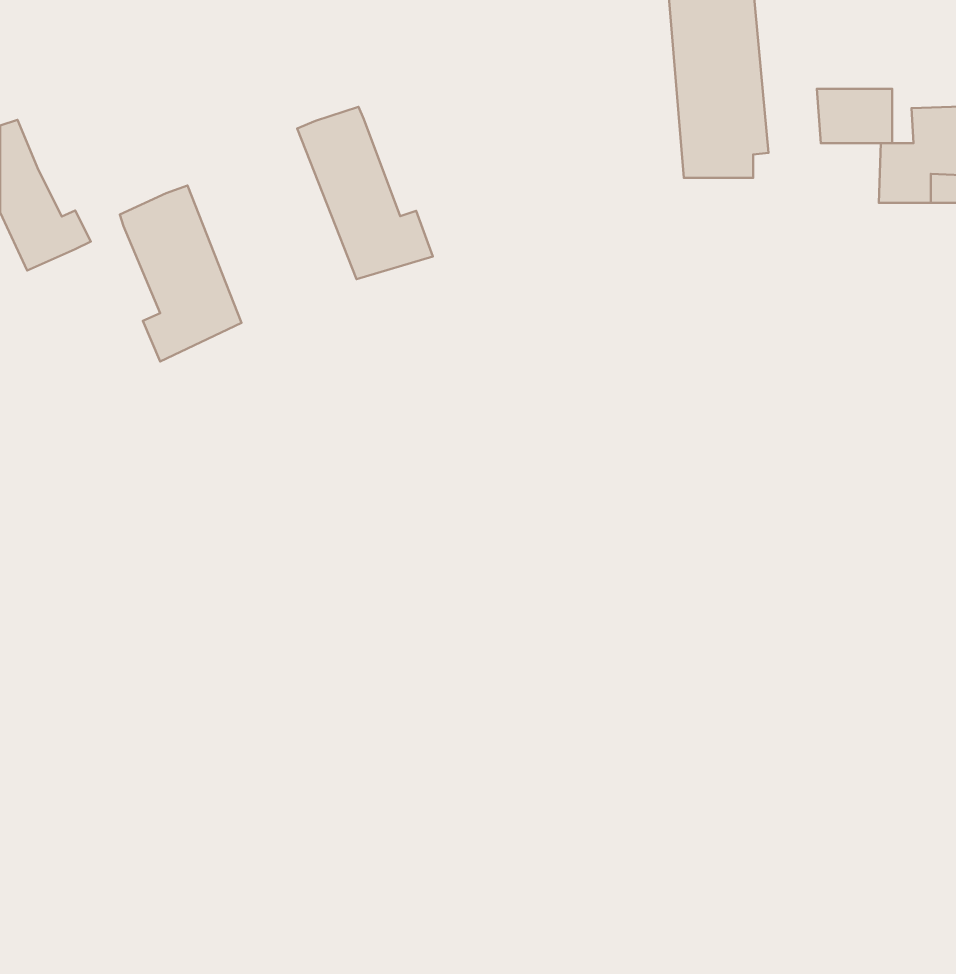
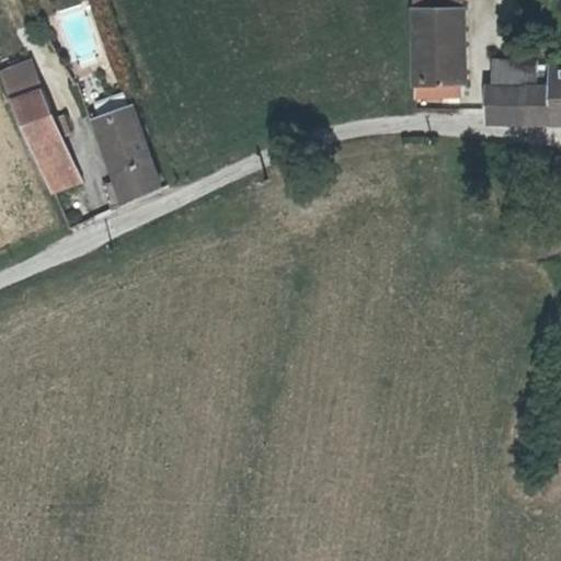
building: [297,107,433,279] -> none
building: none -> [472,81,517,115]
building: none -> [33,141,80,197]

